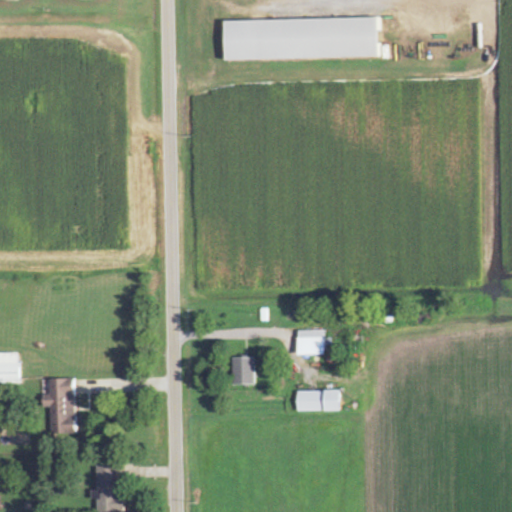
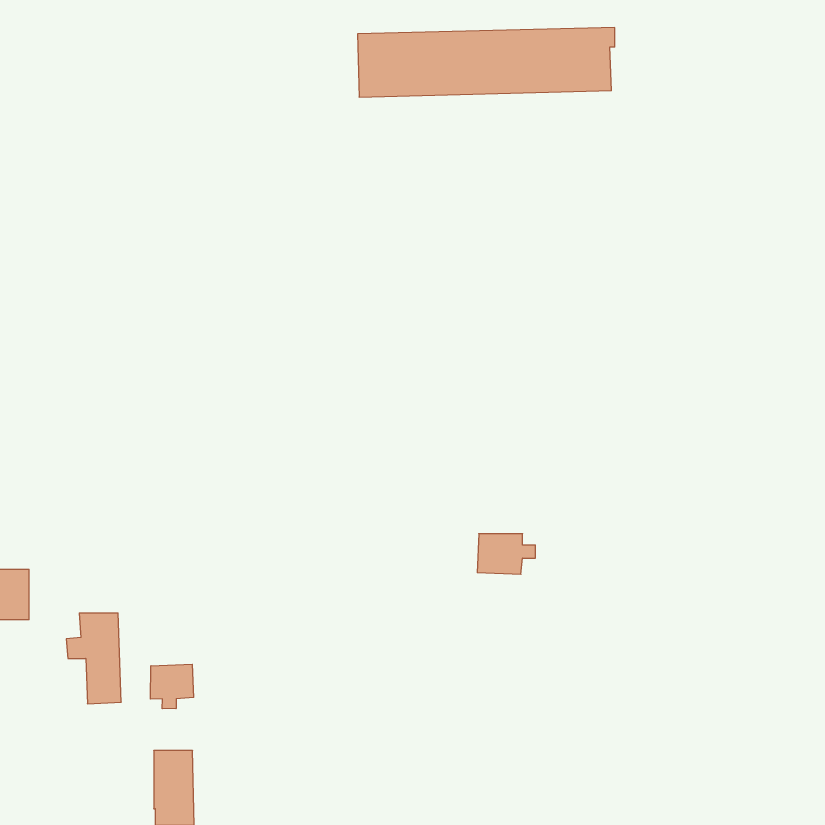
building: [231,357,254,384] -> none
building: [295,390,338,411] -> none
building: none -> [150,664,194,709]

